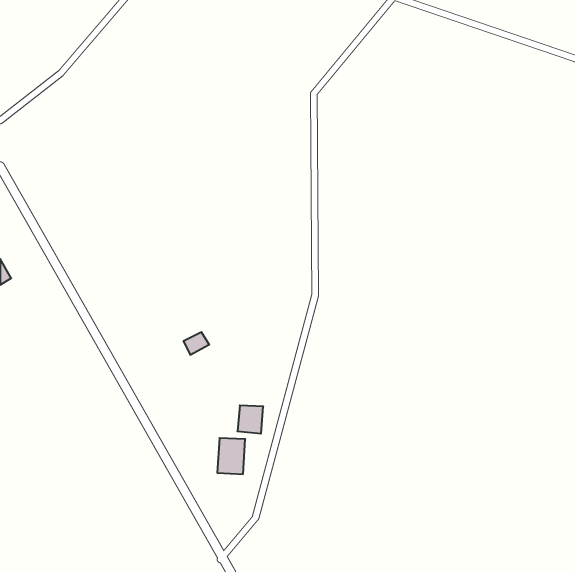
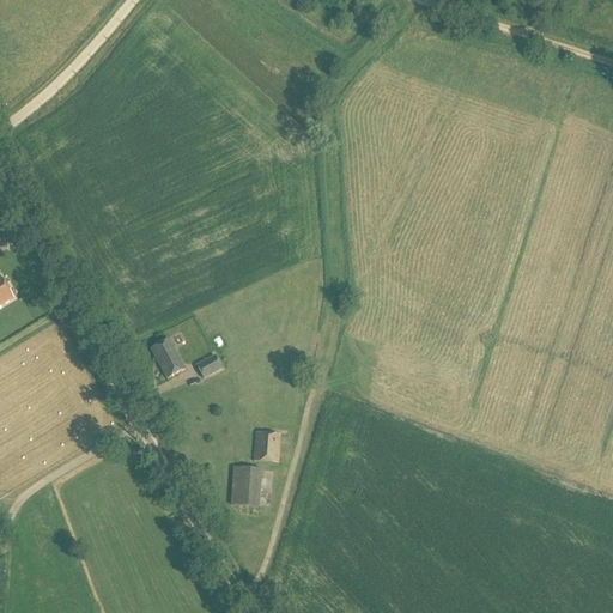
building: none -> [150,338,184,377]

